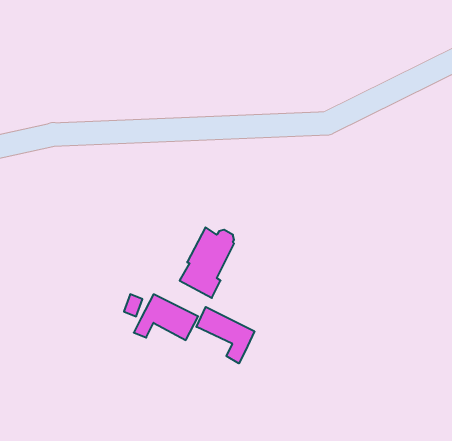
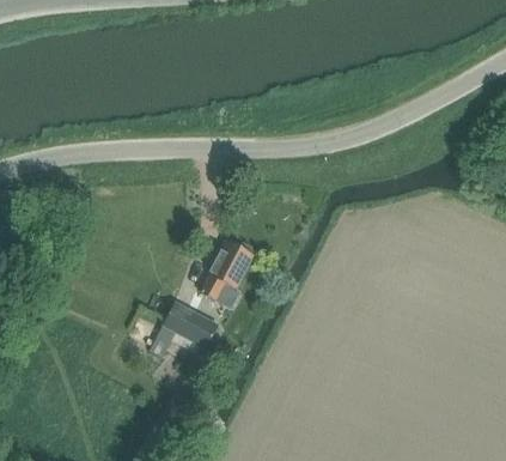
building: [196,307,254,363] -> none

